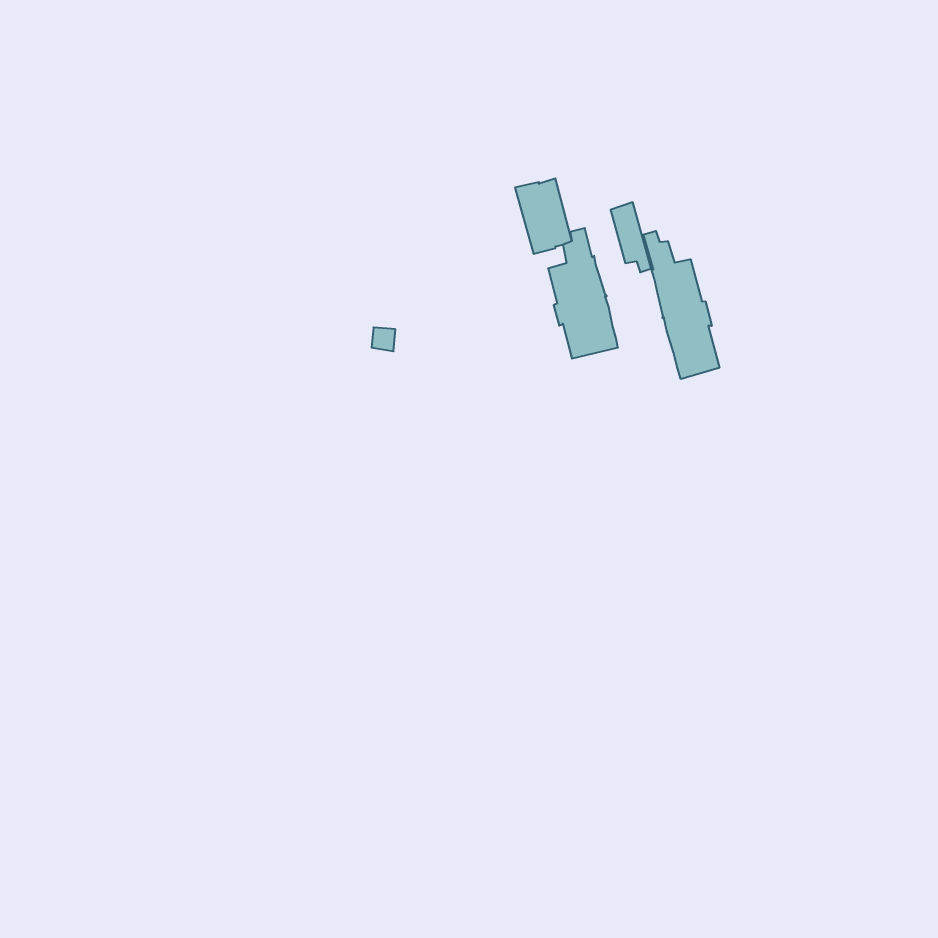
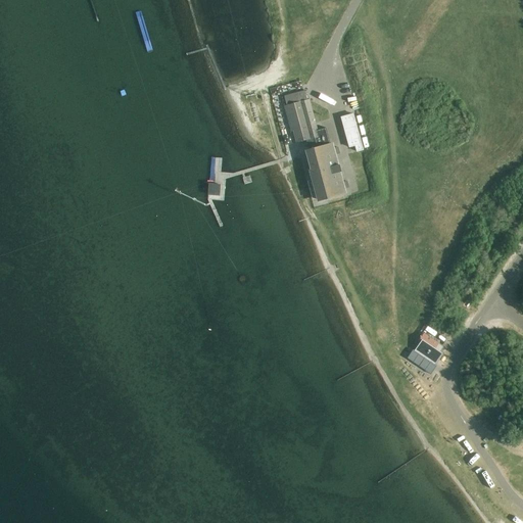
building: [644,231,719,379] -> none
building: none -> [406,332,441,373]

